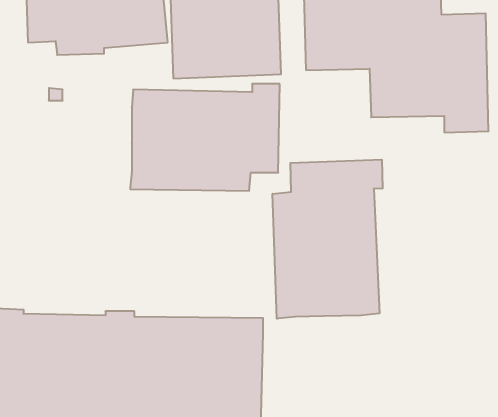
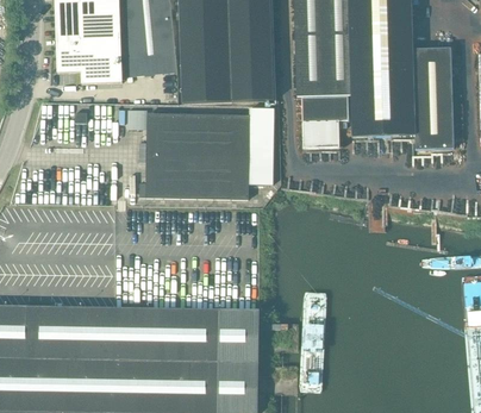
building: none -> [302,96,349,148]
building: [273,160,382,319] -> none

